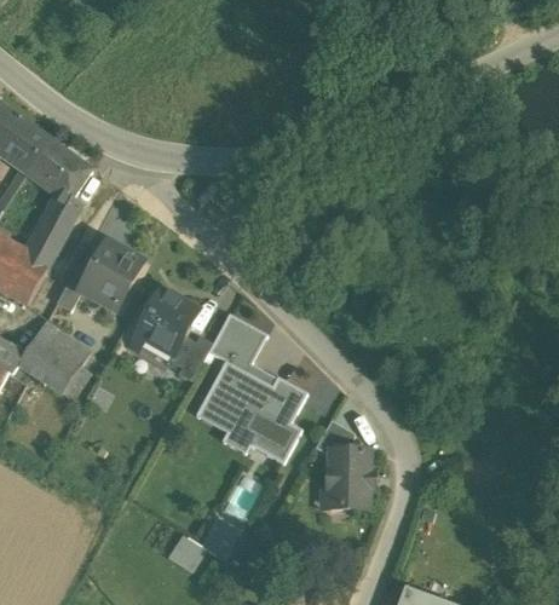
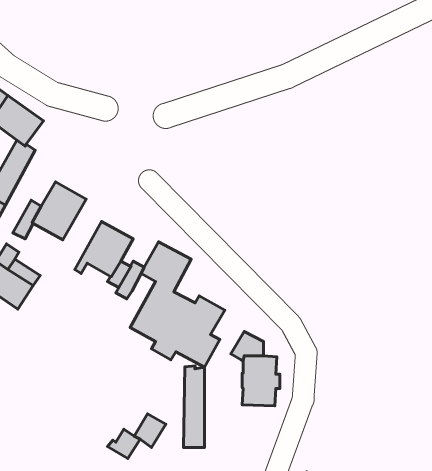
building: none -> [184,366,204,448]

